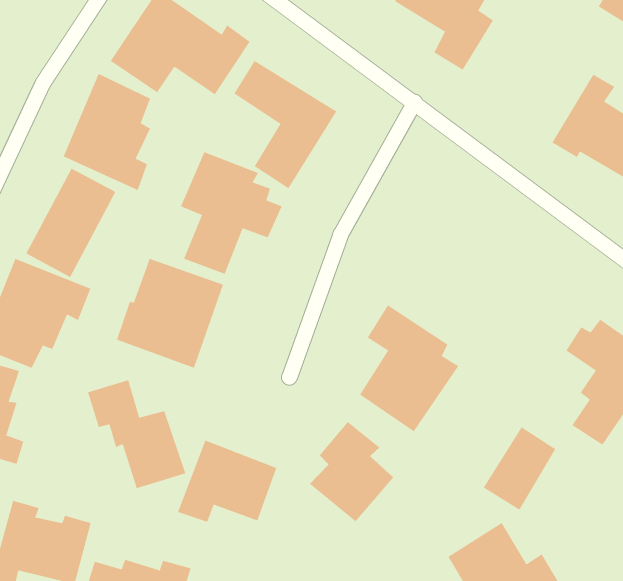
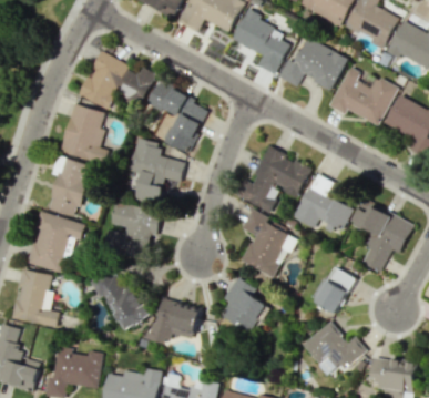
building: none -> [277,37,347,89]
building: none -> [235,146,311,212]
building: none -> [296,173,353,227]

